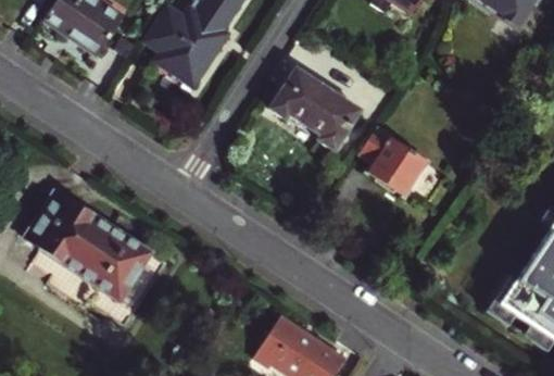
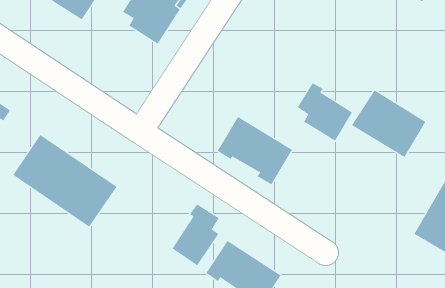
building: [274,68,365,151] -> [217,116,293,185]
building: none -> [351,90,426,158]
building: none -> [172,203,220,266]

